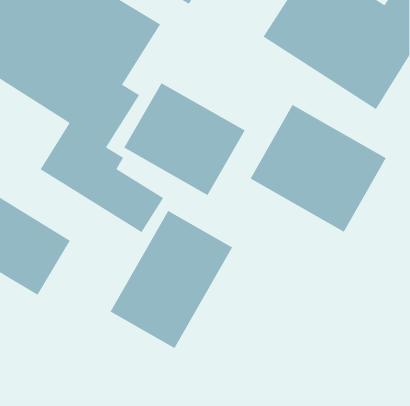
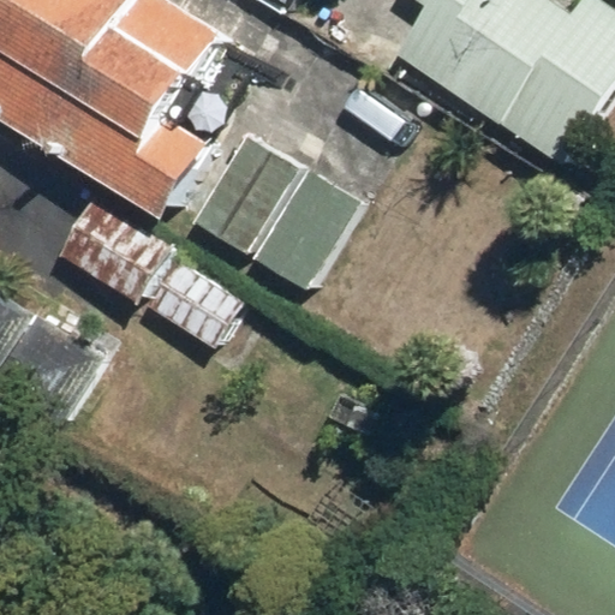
building: [249,104,387,233] -> none
building: [110,210,233,349] -> none

